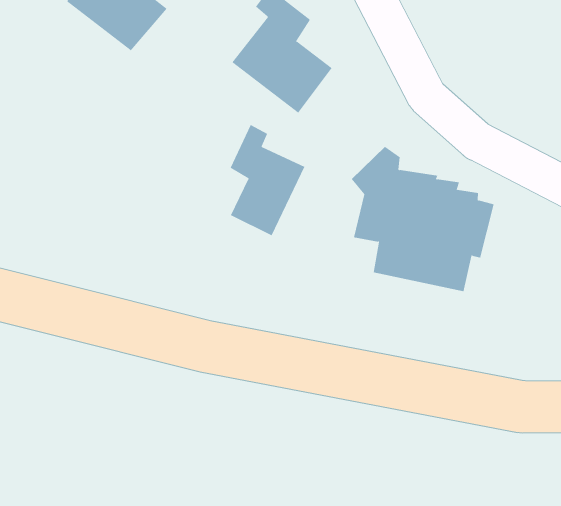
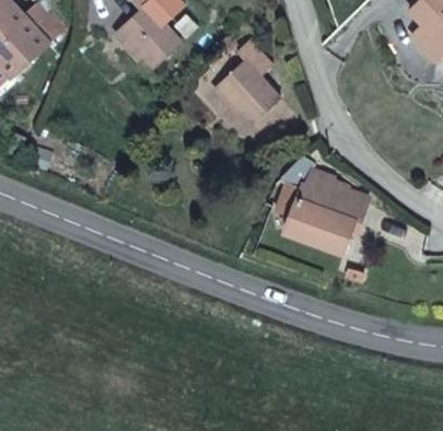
building: [230,124,305,236] -> none

